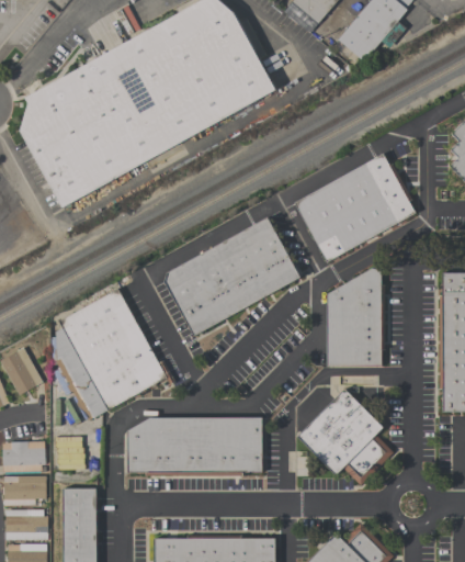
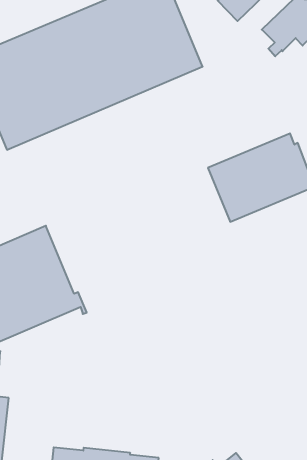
building: [165,217,300,336] -> none
building: [327,268,385,366] -> none
building: [297,389,393,485] -> none
building: [126,417,262,475] -> none

